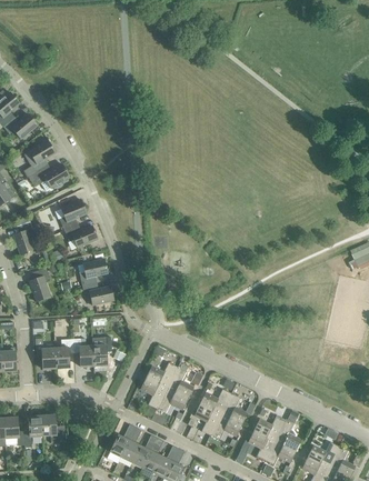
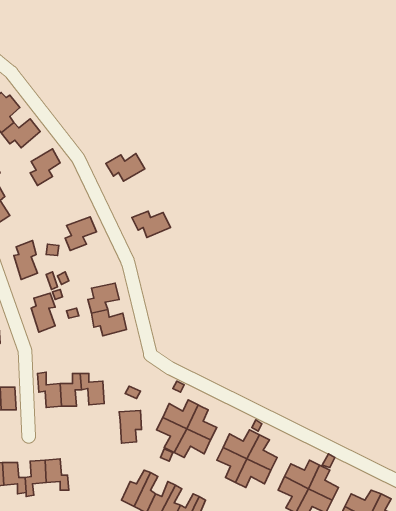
building: [34,163,69,188] -> [106,154,145,181]
building: [63,224,98,248] -> [132,211,171,238]
building: [91,337,111,365] -> [119,411,142,443]

